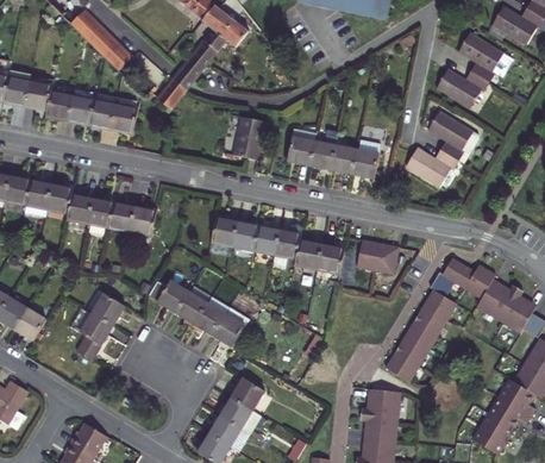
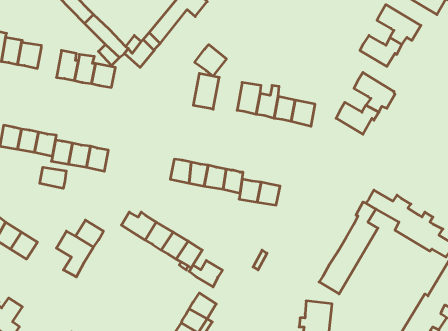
building: none -> [195,45,226,76]
building: [48,85,77,120] -> none
building: [129,207,155,236] -> none
building: none -> [40,167,66,188]
building: [347,242,389,274] -> none
building: none -> [189,260,222,287]

